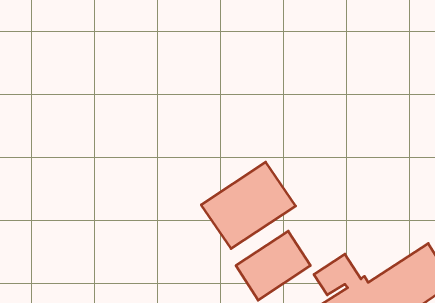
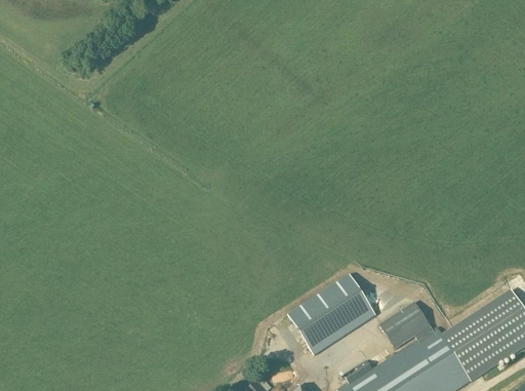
building: [201,162,296,249] -> none

